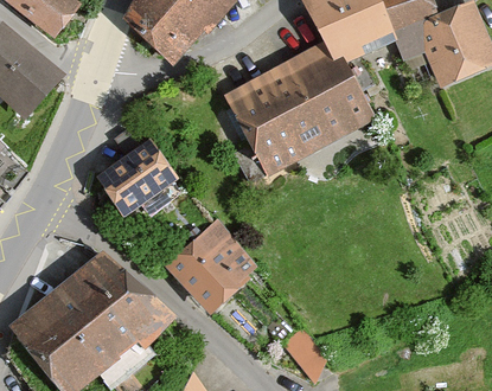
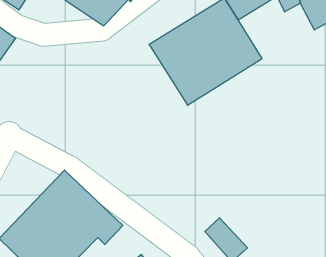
building: [98,137,179,213] -> none
building: [167,218,263,314] -> none

